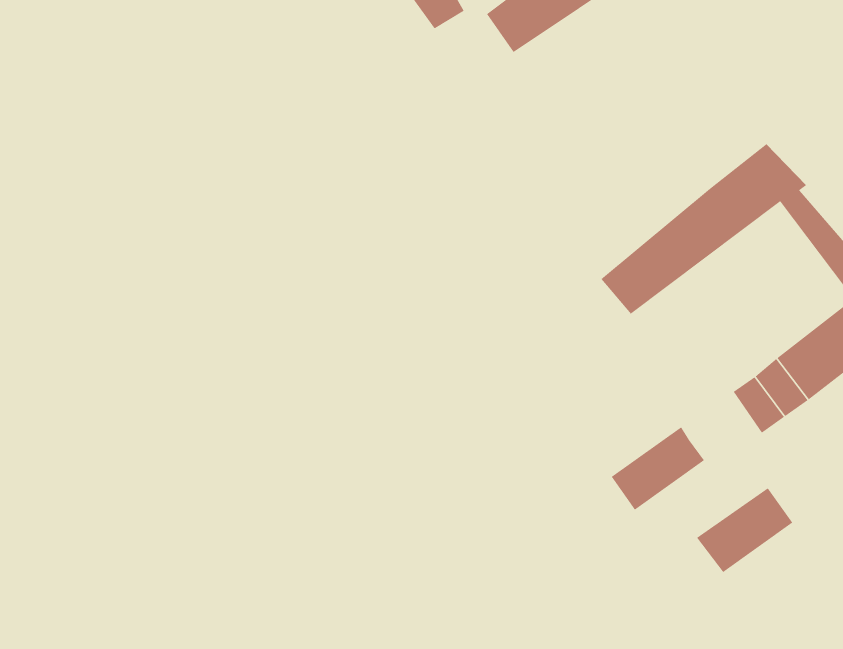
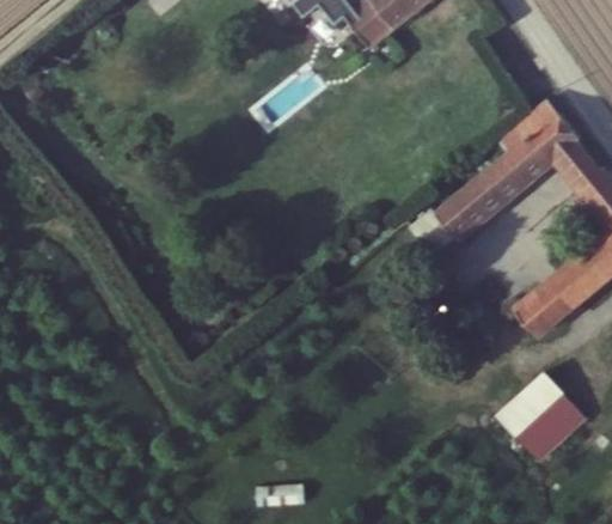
building: [611,426,705,510] -> [518,388,585,447]

